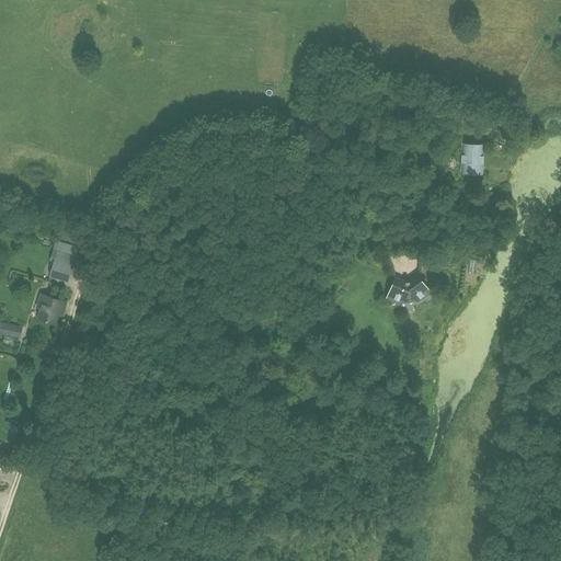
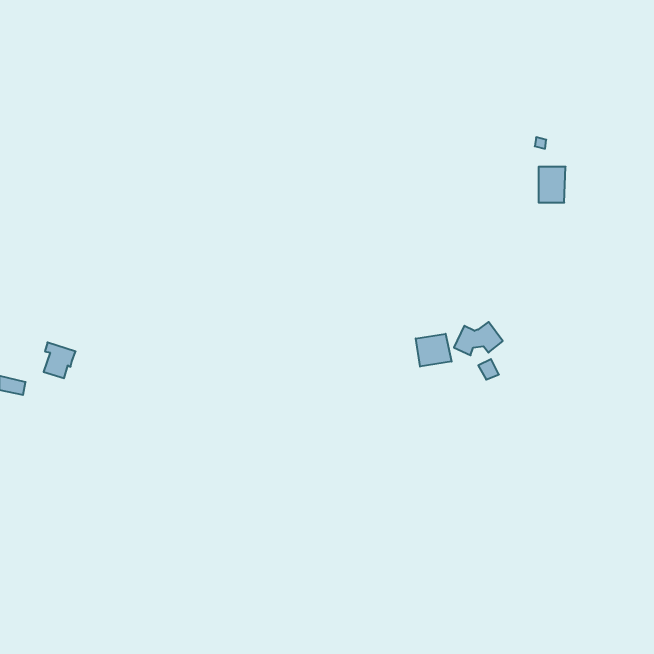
building: [49,252,75,282] -> none
building: none -> [416,334,452,367]

